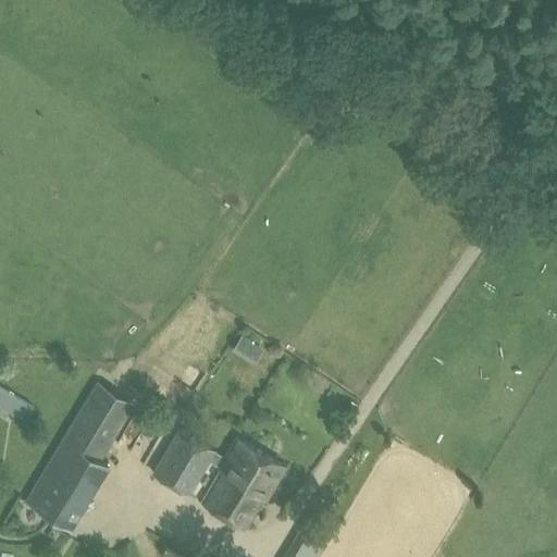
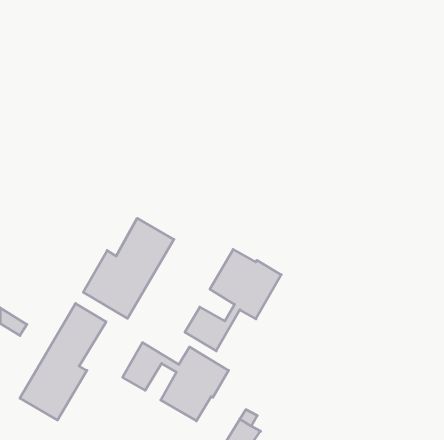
building: none -> [83,218,174,318]
building: none -> [185,249,281,351]

